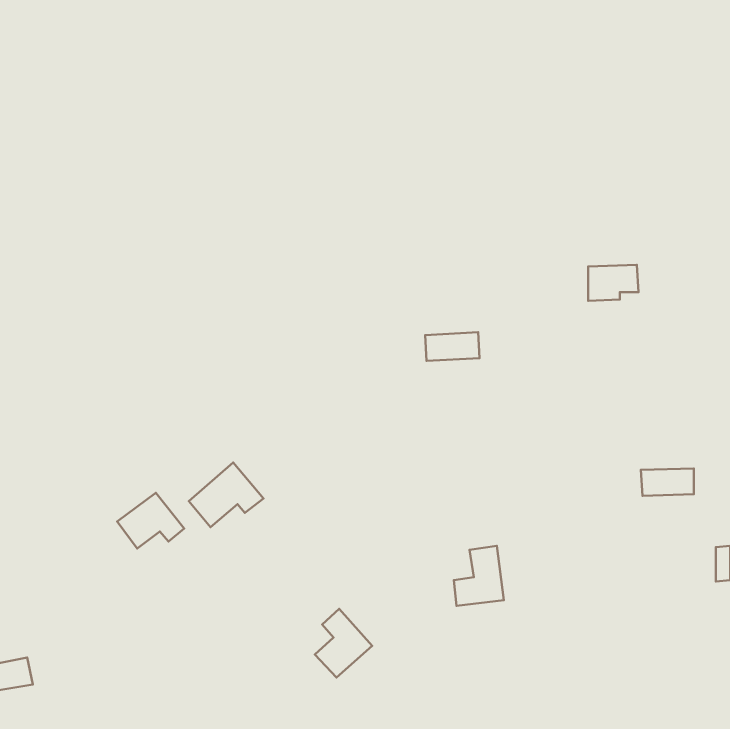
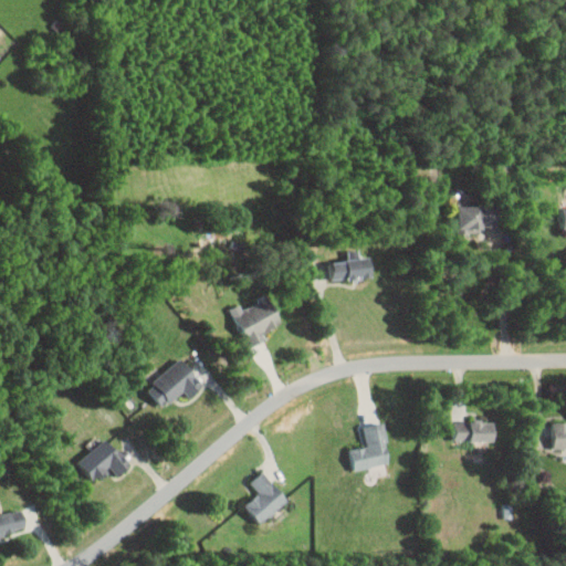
building: none -> [234,298,281,348]
building: [641,469,694,496] -> [453,422,494,443]
building: [117,493,184,549] -> [77,440,129,483]

